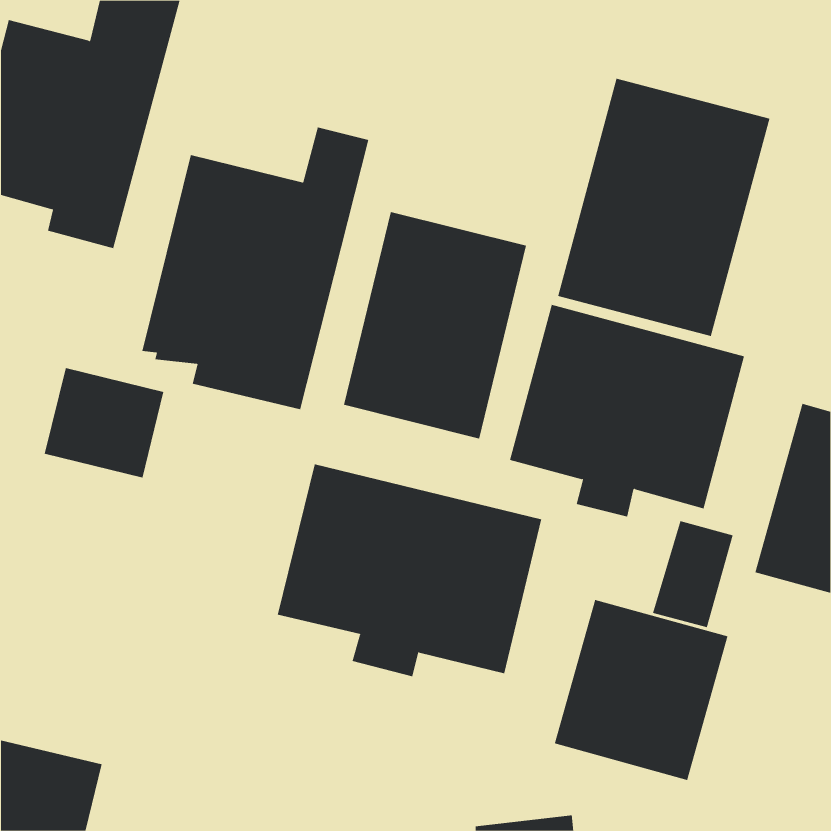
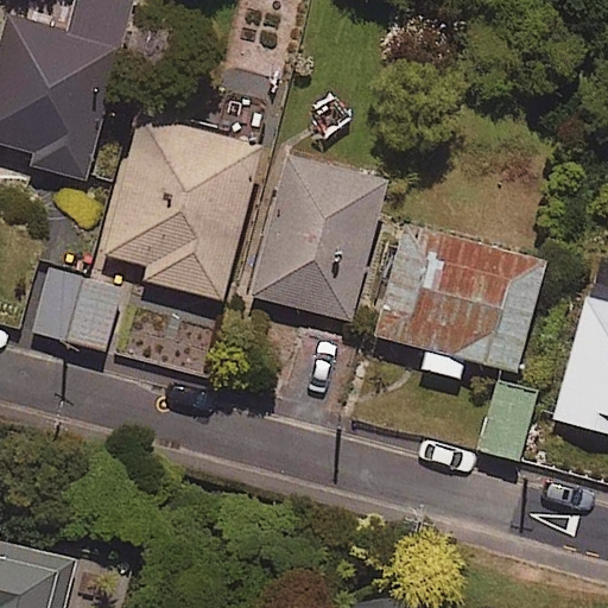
building: [557,78,770,337] -> none
building: [277,463,542,677] -> none
building: [554,599,728,781] -> none

